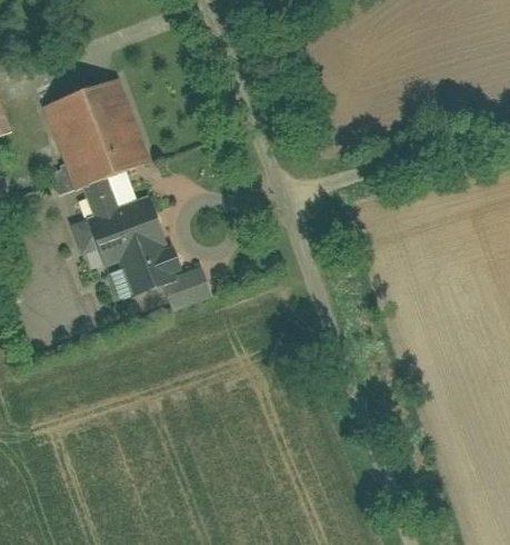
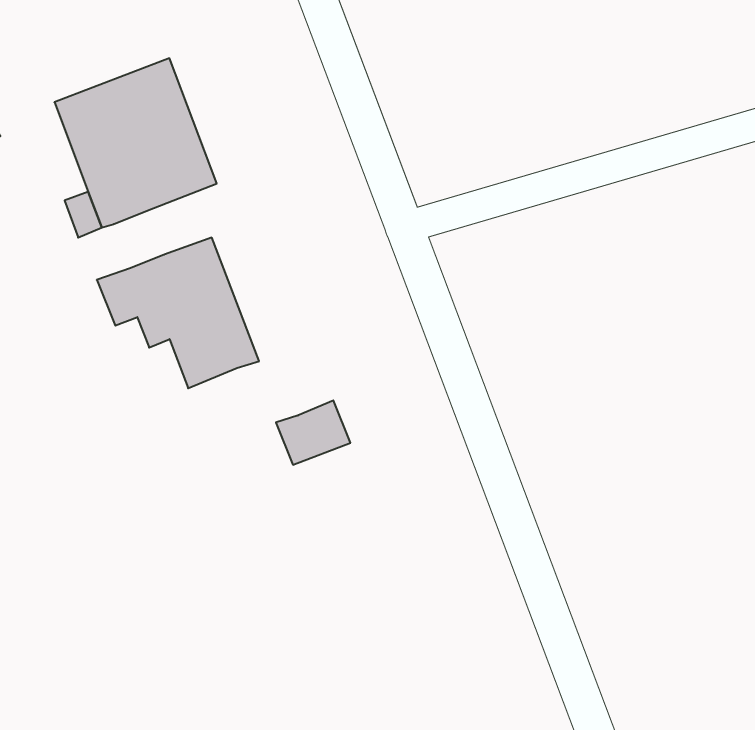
building: [82,178,116,216] -> none
building: [163,267,212,309] -> [276,400,350,465]

